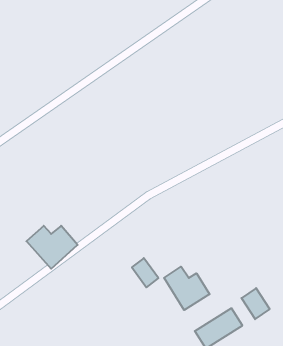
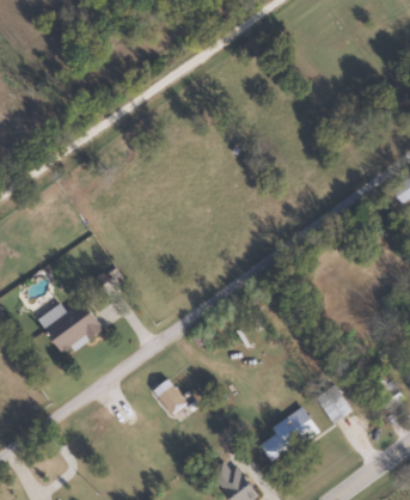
building: [132,258,158,287] -> [154,377,189,415]
building: [164,267,210,310] -> none

